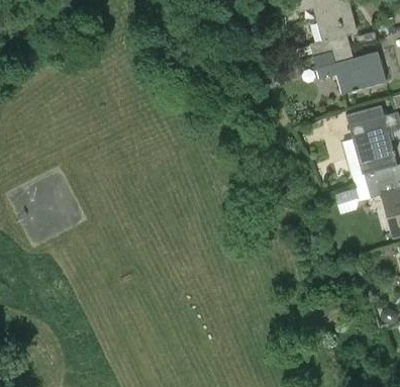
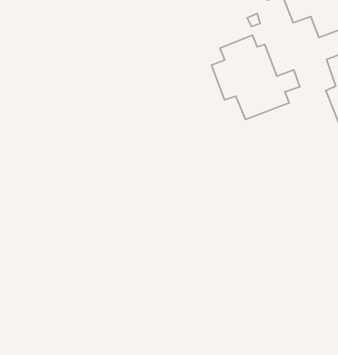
building: none -> [212,35,300,119]

